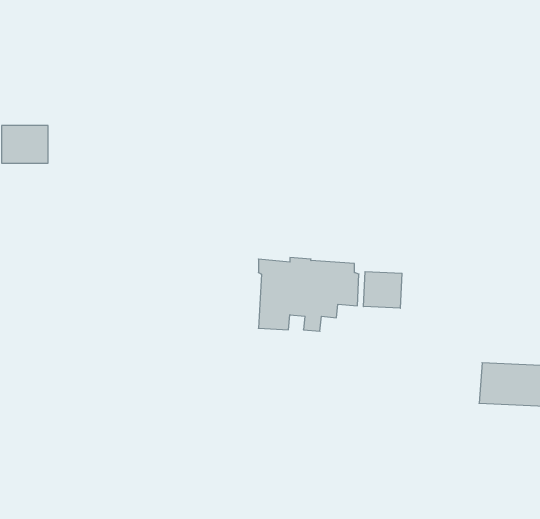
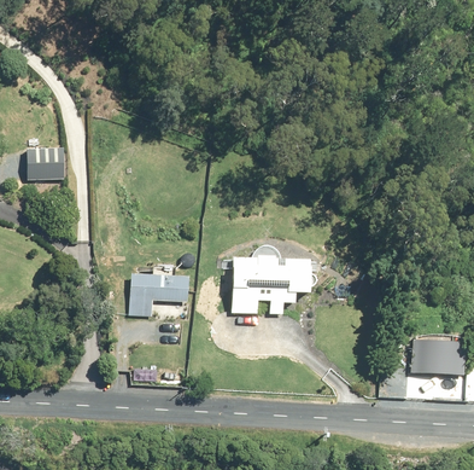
building: [363,272,402,308] -> none
building: none -> [127,273,188,315]

